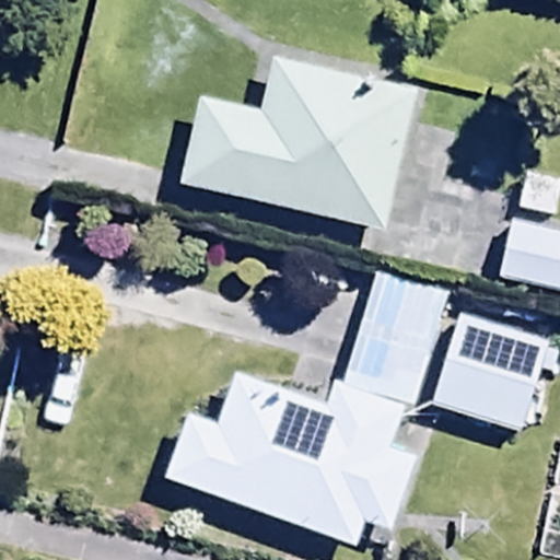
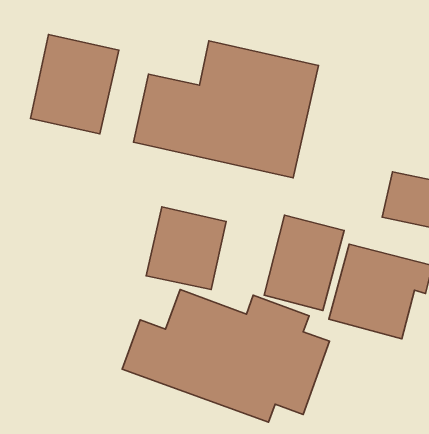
building: none -> [30,34,119,134]
building: none -> [146,207,226,290]

